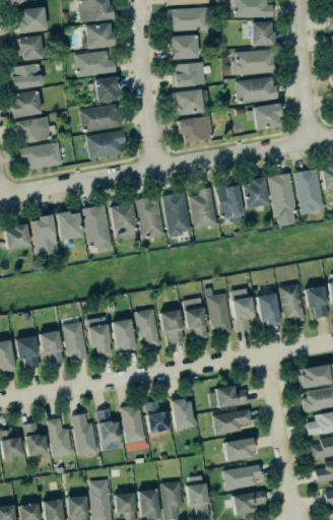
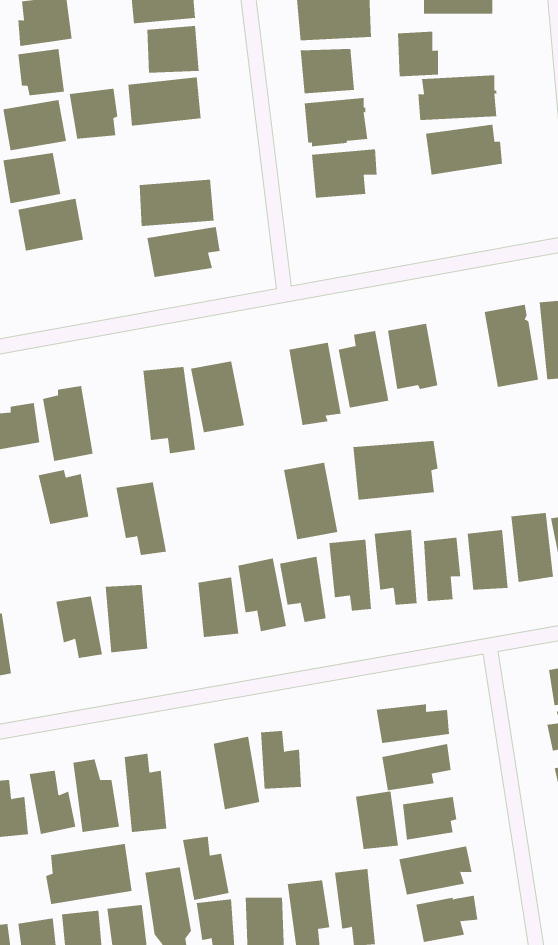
building: [251,22,273,47] -> [397,31,439,77]
building: [92,76,119,104] -> [69,88,118,139]
building: [252,104,281,131] -> none
building: [181,117,214,142] -> none
building: [19,142,62,171] -> none
building: [243,179,269,208] -> none
building: [136,197,165,239] -> [283,462,338,540]
building: [55,212,82,242] -> [38,470,89,525]
building: none -> [353,440,438,501]
building: [86,317,114,356] -> [116,482,167,556]
building: [16,336,41,370] -> none
building: [172,398,195,430] -> [355,791,399,850]
building: [94,408,120,443] -> [182,836,229,901]
building: none -> [46,843,132,905]

